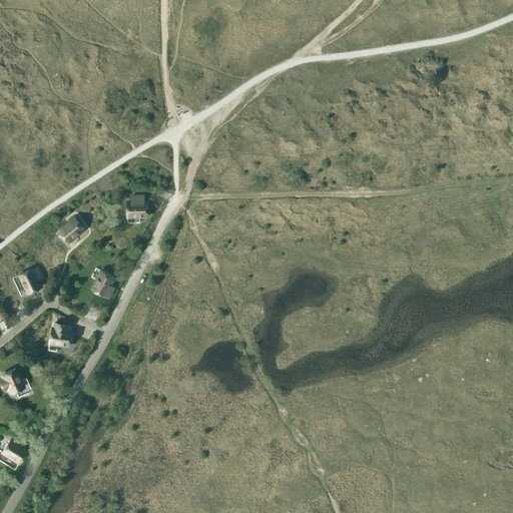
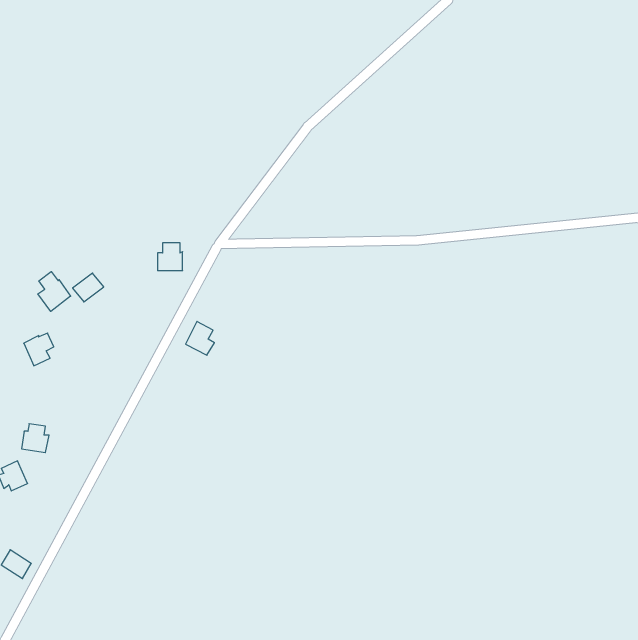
building: none -> [38,272,71,311]
building: [91,271,114,298] -> [186,321,214,355]
building: [49,323,71,346] -> [22,424,49,453]

